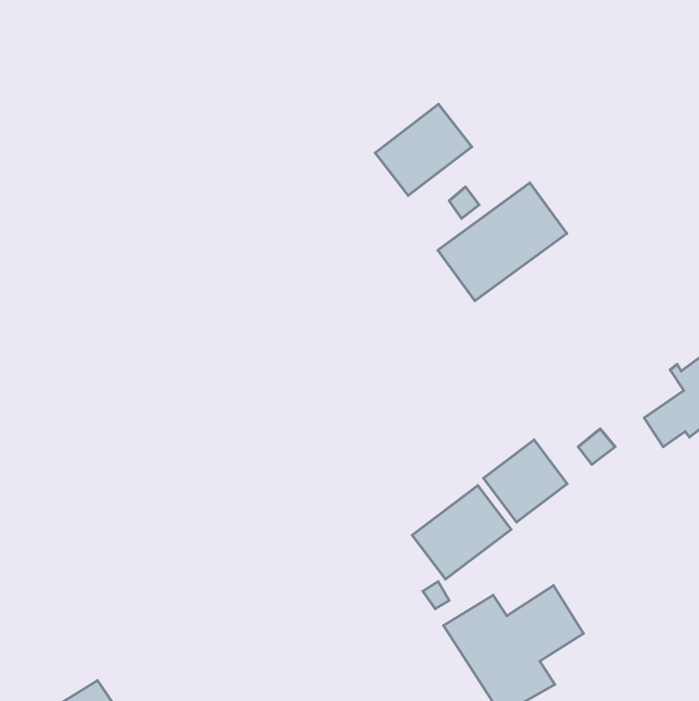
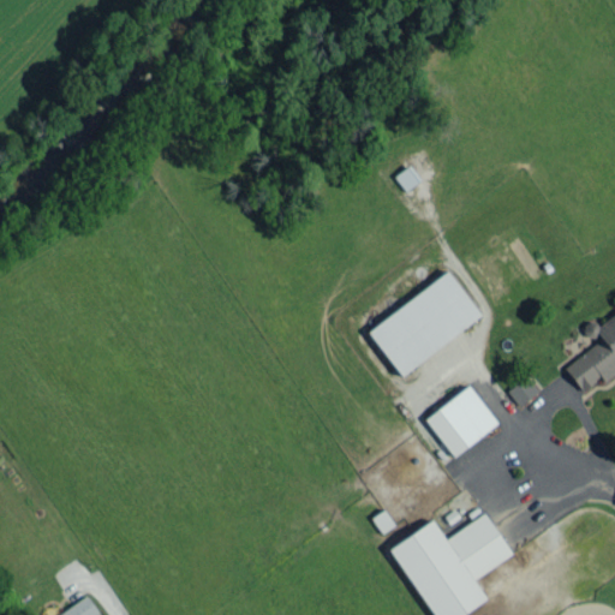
building: [375,104,472,196] -> none
building: [438,183,567,301] -> [369,271,482,375]
building: [412,486,511,579] -> none

